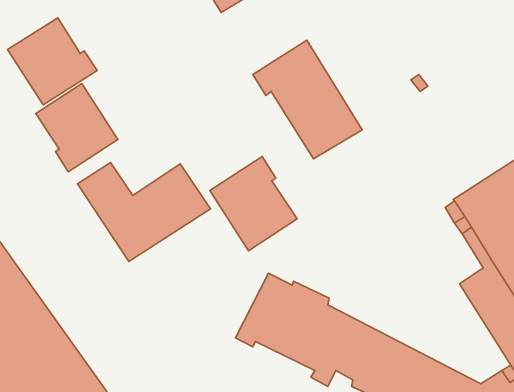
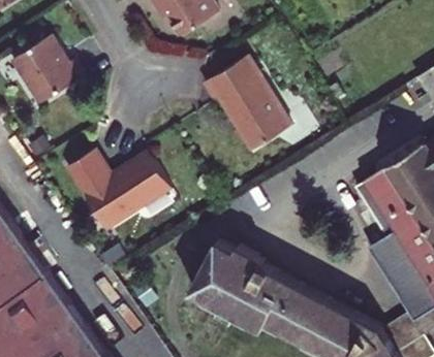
building: [36,84,118,172] -> none
building: [210,156,297,251] -> none

